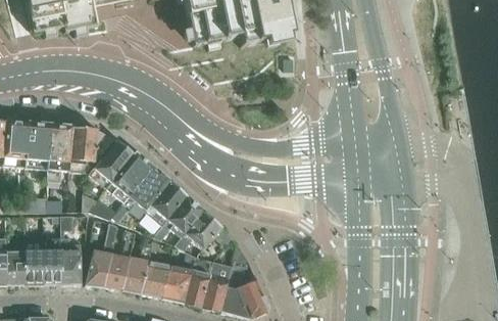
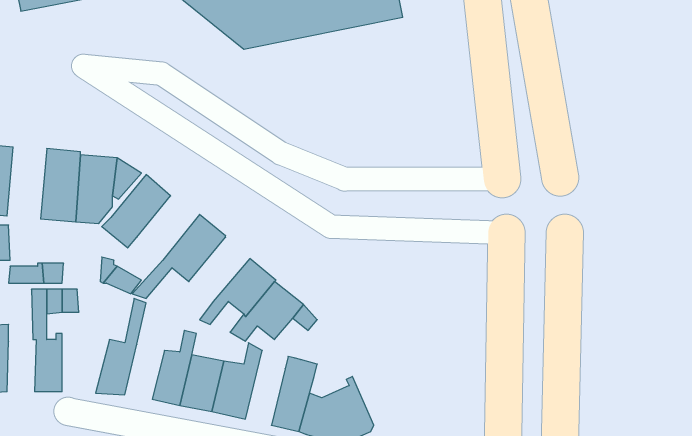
building: [24,120,51,169] -> none
building: [105,151,153,201] -> none
building: [146,181,187,224] -> none
building: [103,228,135,289] -> none
building: [60,237,81,284] -> none
building: [24,239,44,284] -> none
building: [184,257,210,307] -> none

